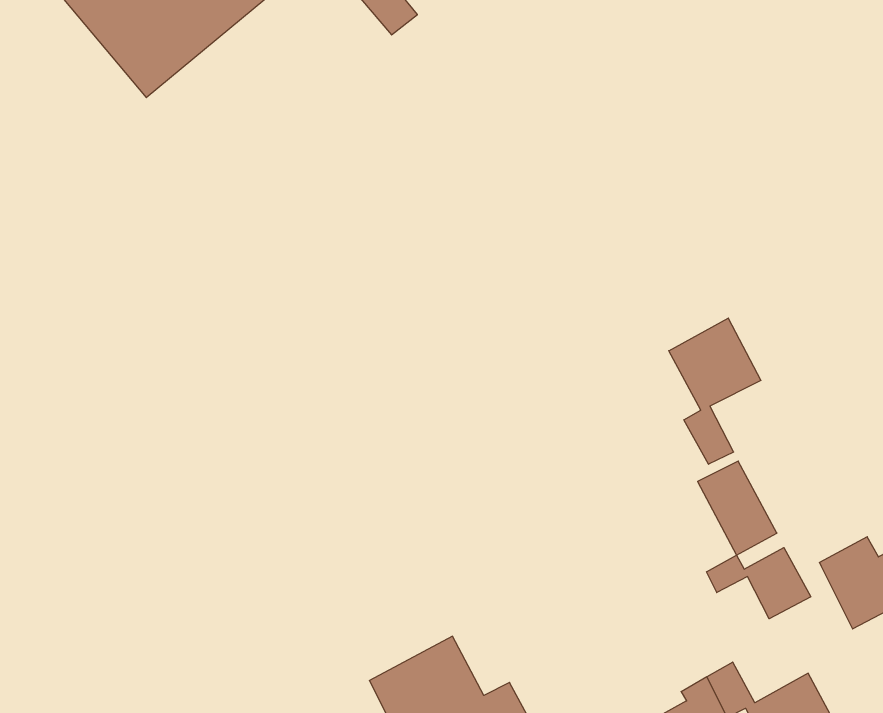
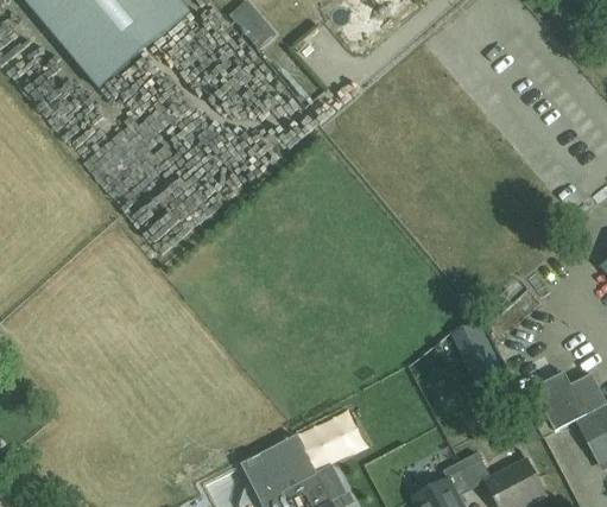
building: [669,318,761,464] -> none
building: [707,548,811,619] -> none

